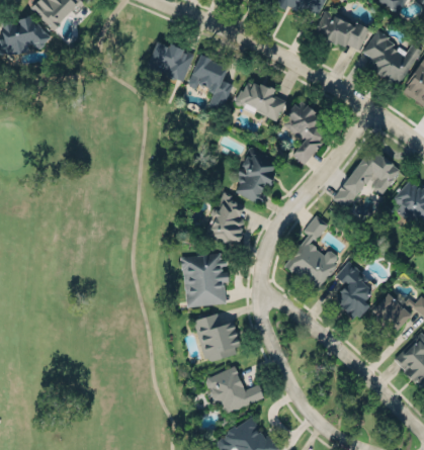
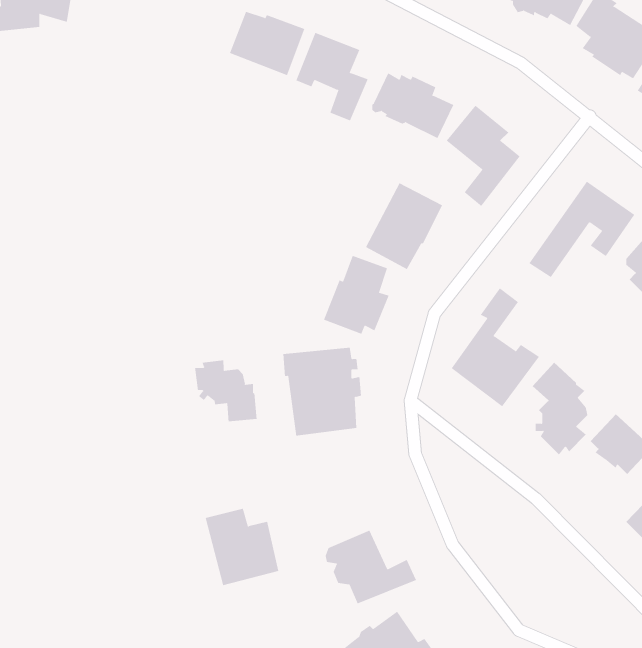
building: none -> [194,359,257,422]
building: [194,313,241,362] -> [205,508,279,586]

